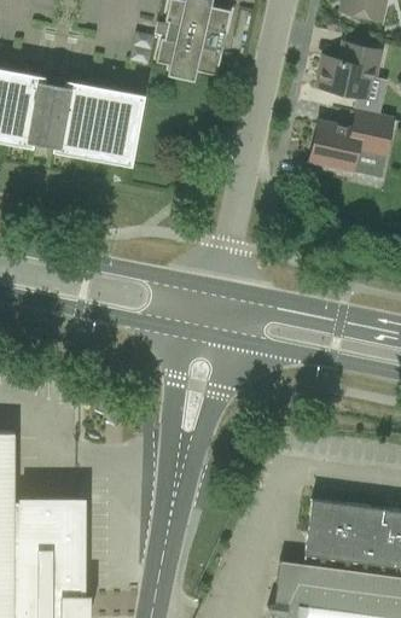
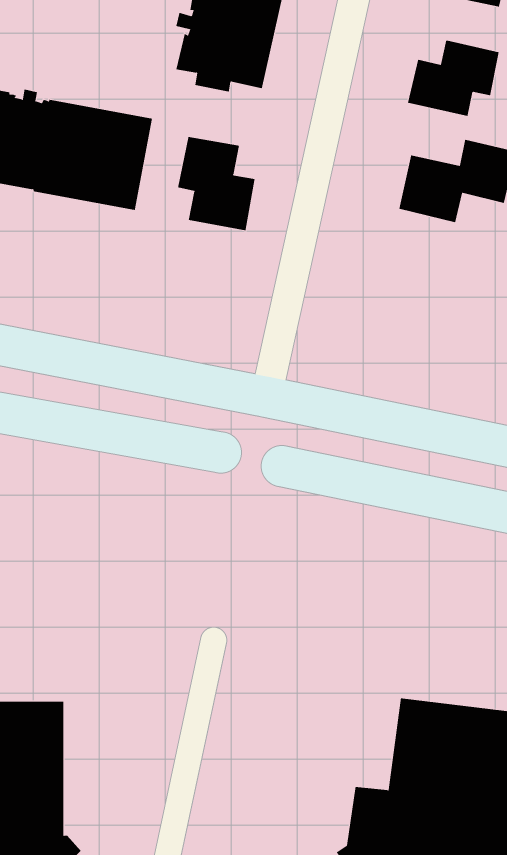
building: none -> [178,136,255,231]

